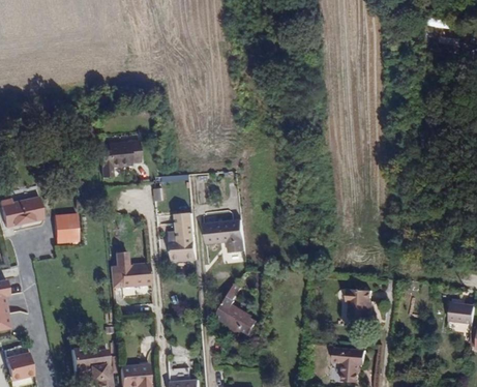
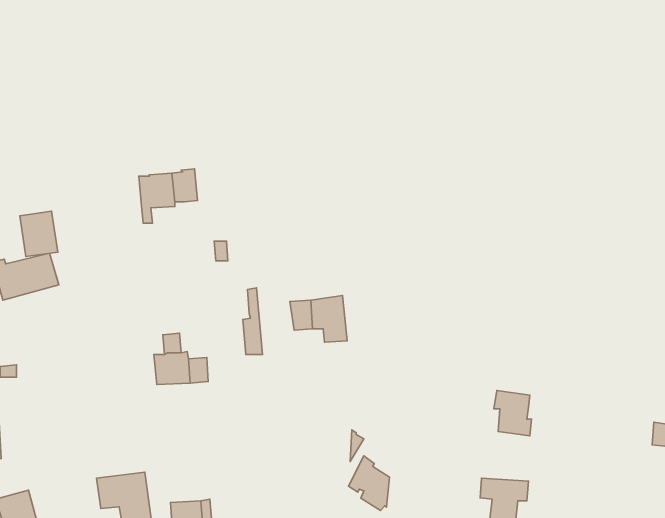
building: [53,211,79,242] -> [20,211,58,257]
building: [170,217,195,265] -> none
building: [215,298,243,335] -> [349,456,389,510]

